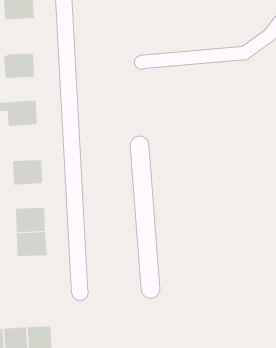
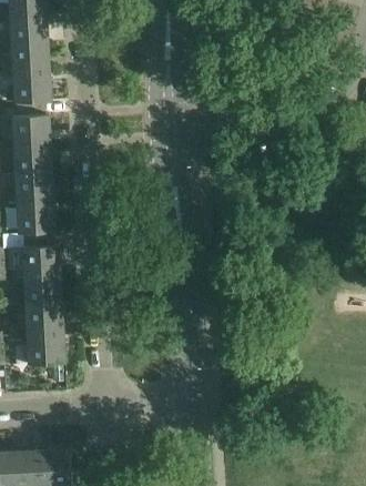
building: none -> [12,71,51,115]
building: none -> [13,143,52,174]
building: none -> [17,202,55,246]
building: none -> [23,274,62,305]

